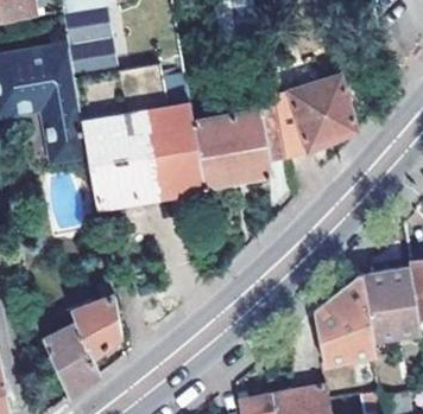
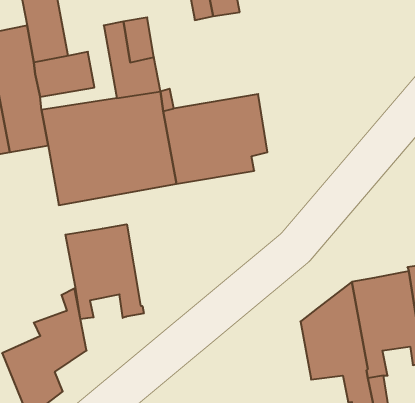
building: [272,75,355,159] -> none
building: none -> [65,224,144,319]

